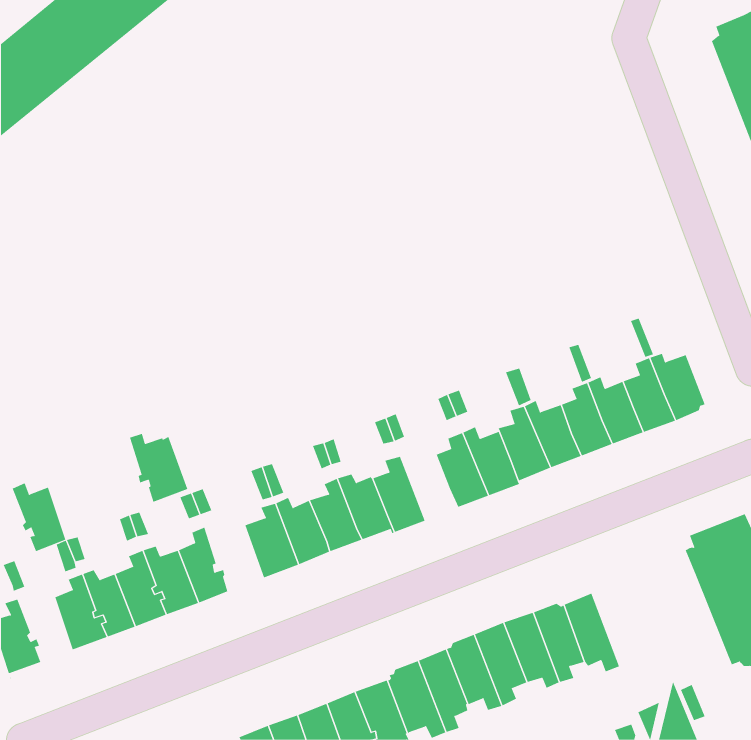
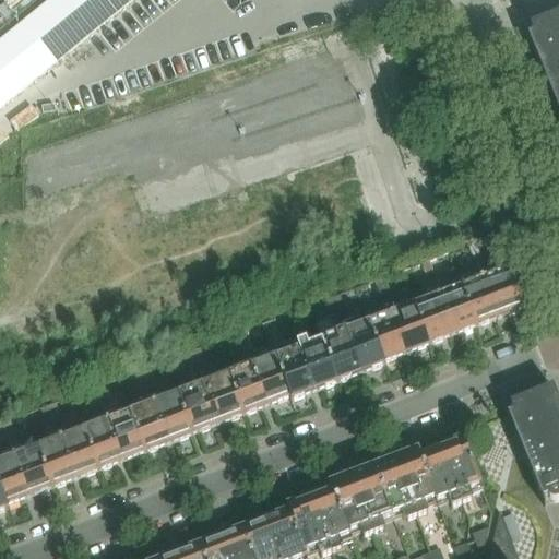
building: [129,433,188,502] -> [153,388,197,439]
building: none -> [298,334,341,386]
building: [12,483,66,552] -> [14,440,55,491]
building: none -> [440,433,480,495]

